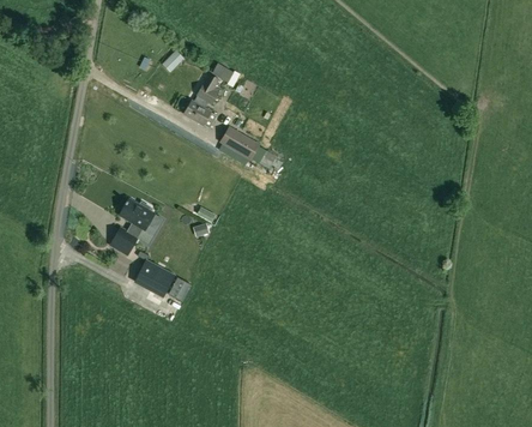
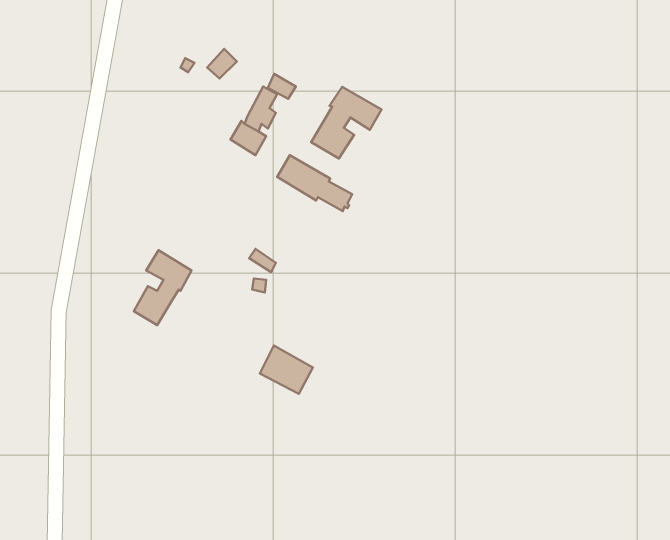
building: none -> [311,87,382,158]
building: [137,259,177,296] -> [260,346,313,394]

